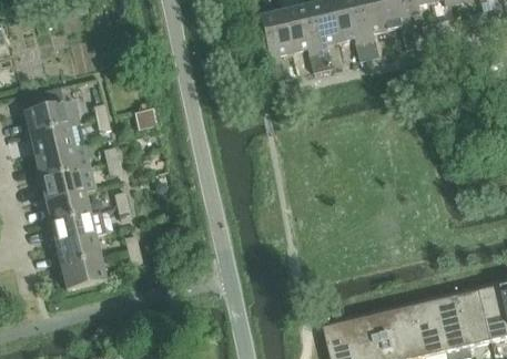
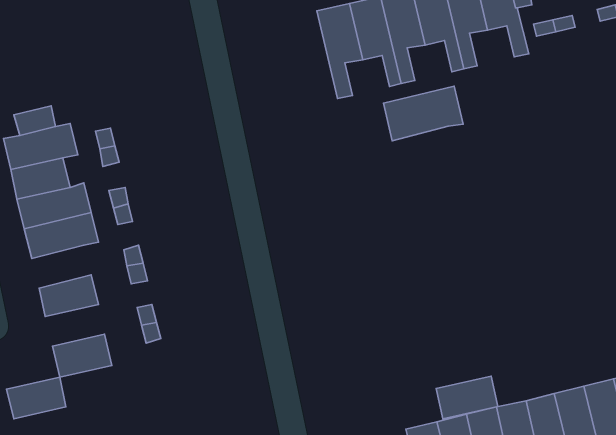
building: none -> [383,86,463,141]
building: [45,189,90,222] -> none
building: [55,234,100,265] -> [6,377,66,419]
building: none -> [436,376,498,419]

